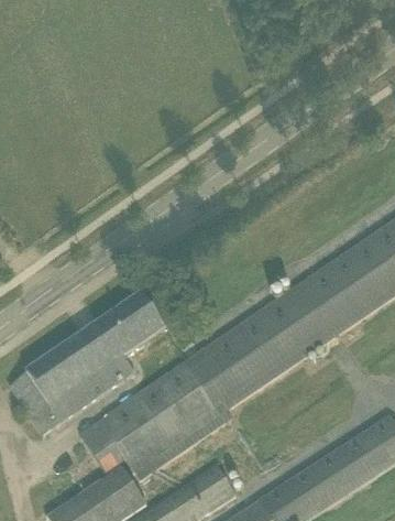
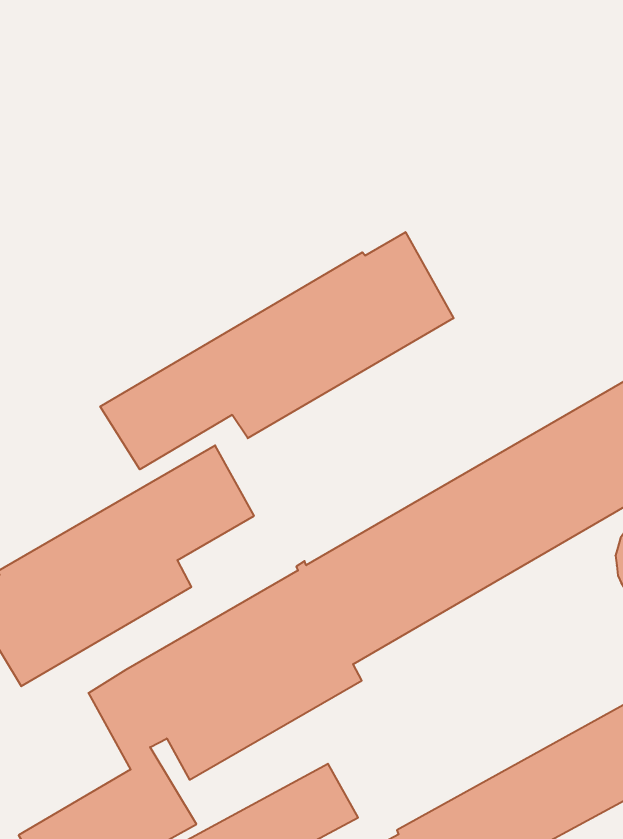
building: none -> [100,232,454,469]

